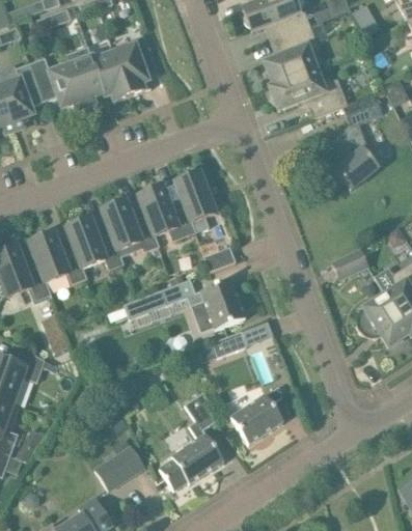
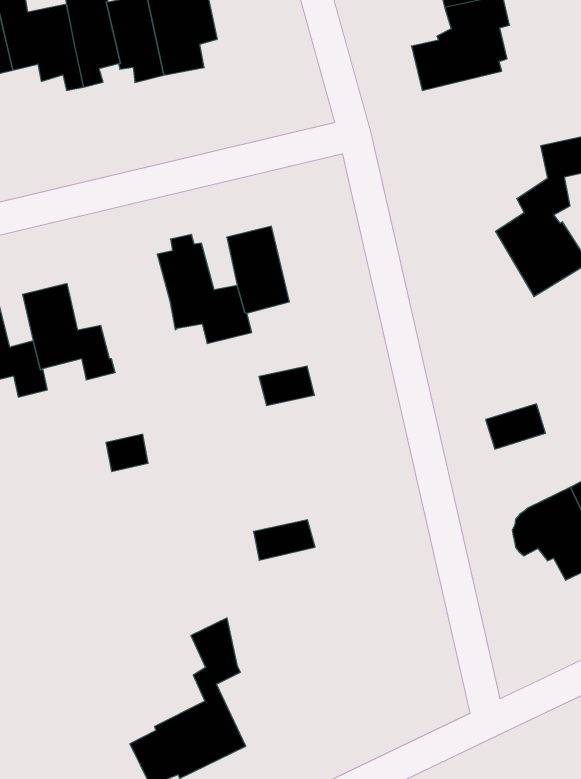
building: [269,68,348,117] -> none
building: [102,199,159,256] -> none
building: [161,278,245,334] -> none
building: [230,385,283,444] -> none
building: [93,438,144,490] -> none

